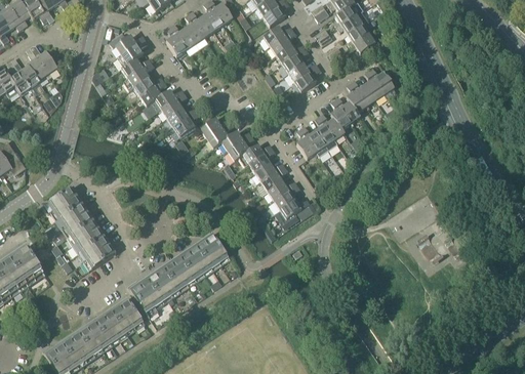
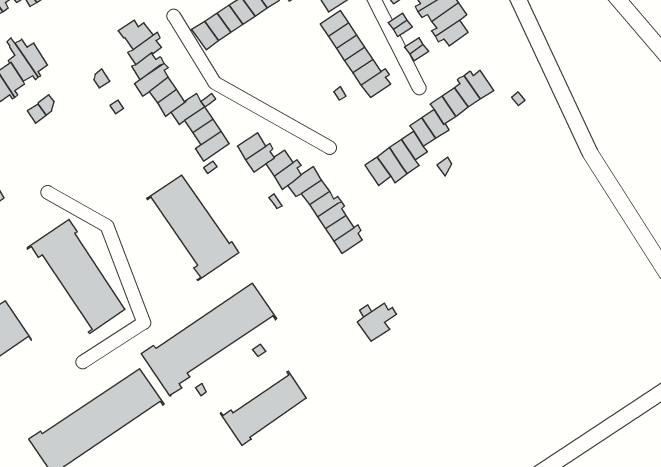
building: none -> [147,175,239,280]
building: [274,199,304,227] -> [357,303,397,341]
building: none -> [220,371,306,445]

